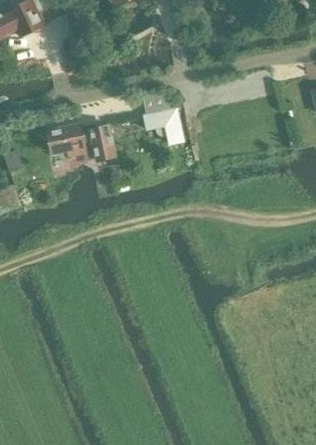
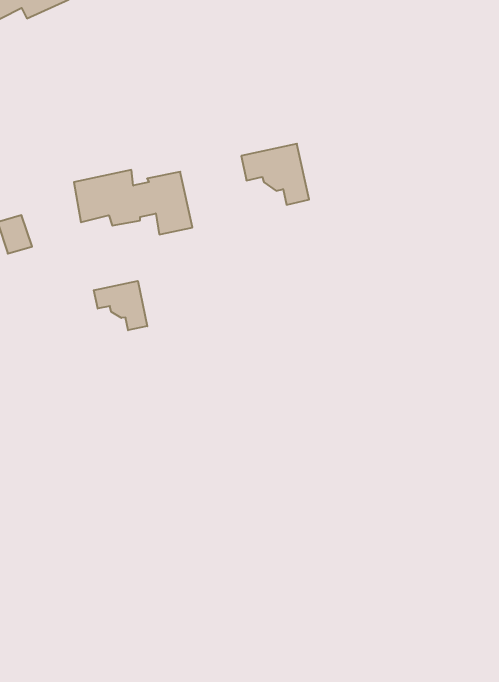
building: none -> [94,281,147,330]

